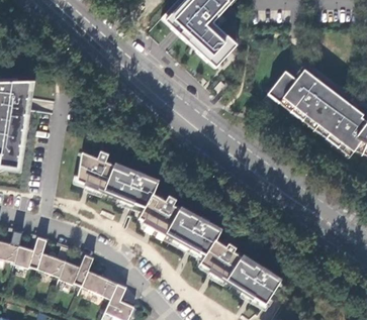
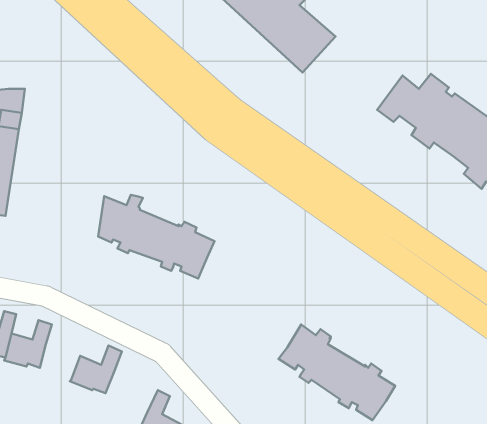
building: [140,195,220,255] -> none
building: [38,245,71,278] -> none
building: [83,272,118,300] -> none

